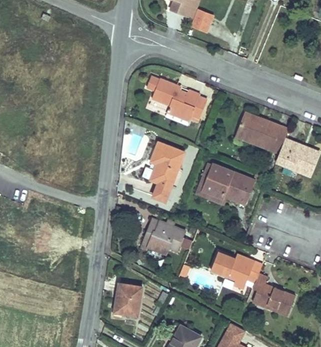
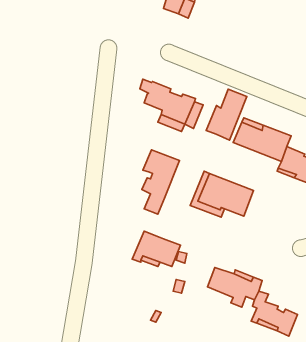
building: [190,7,215,32] -> none
building: none -> [206,89,247,140]
building: [117,283,142,315] -> none

